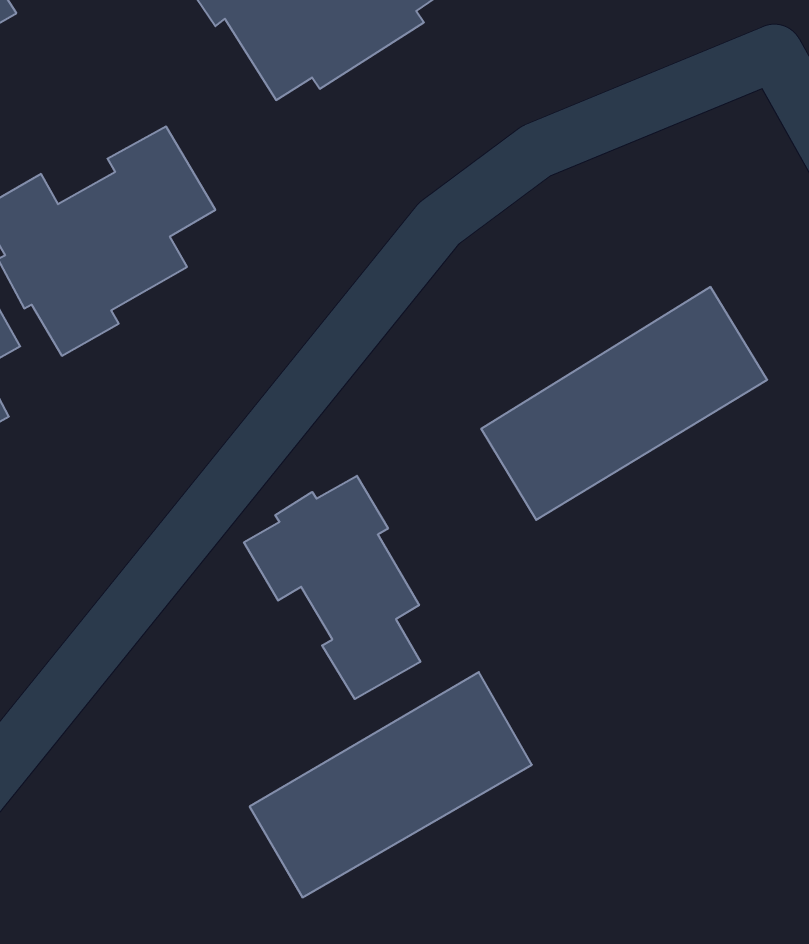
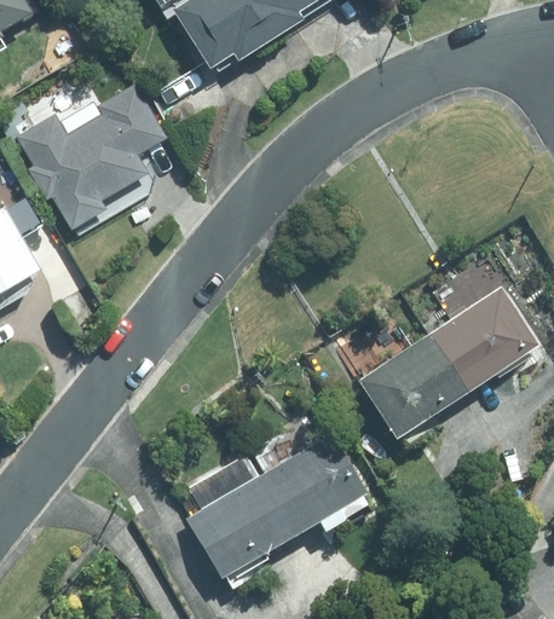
building: [481,287,767,520] -> [358,288,541,436]
building: [244,476,420,699] -> none

